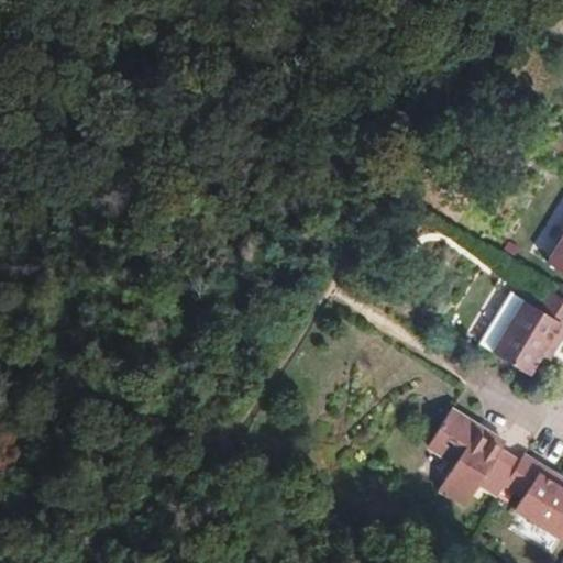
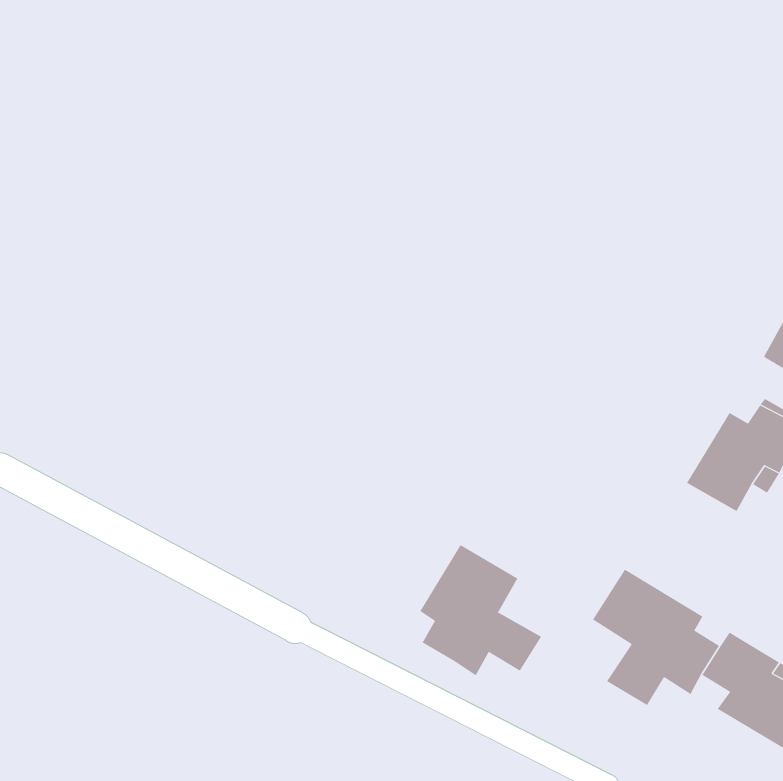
building: none -> [420,544,542,676]

